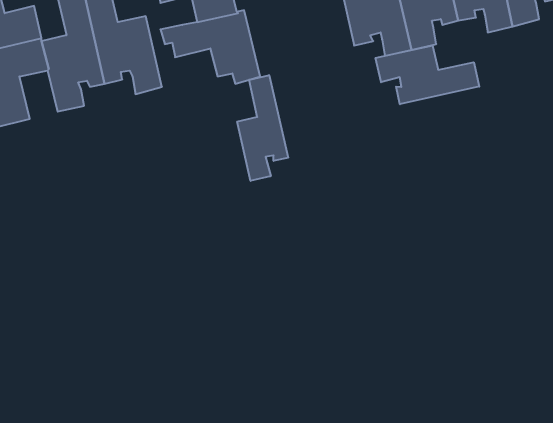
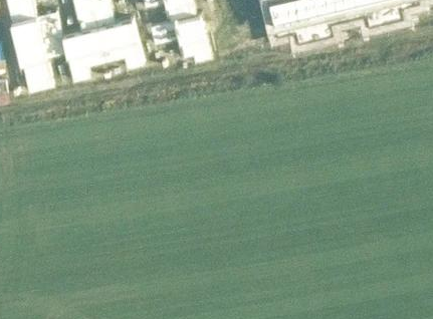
building: [376,45,479,104] -> none
building: [237,75,288,181] -> none

